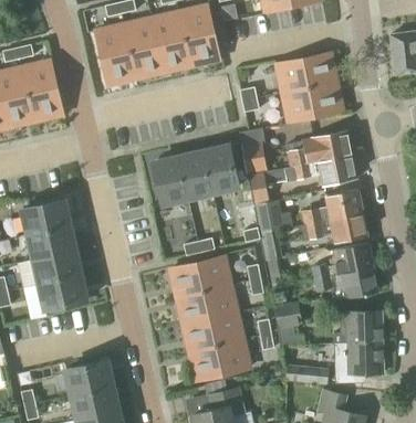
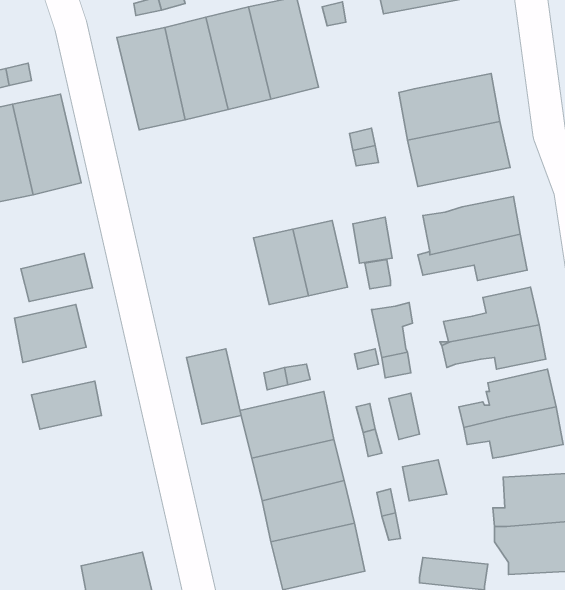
building: [153,157,188,205] -> [186,349,241,424]
building: [29,228,75,258] -> [21,254,93,301]
building: [40,272,86,309] -> none

